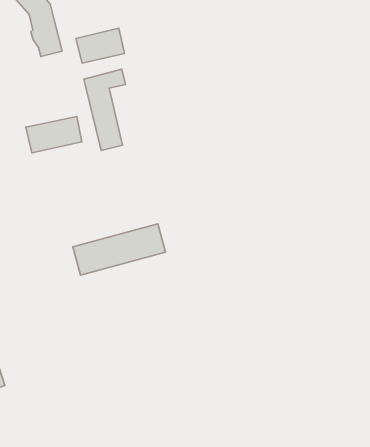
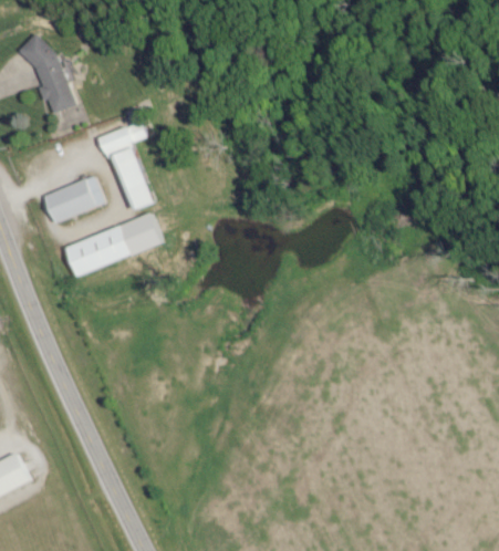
building: [76,28,125,63] -> none
building: [73,224,165,275] -> [63,212,166,277]

